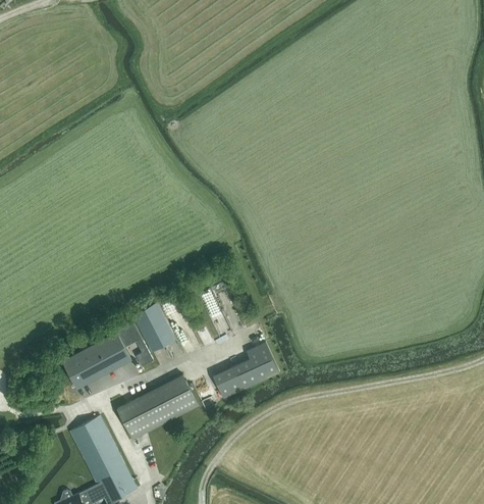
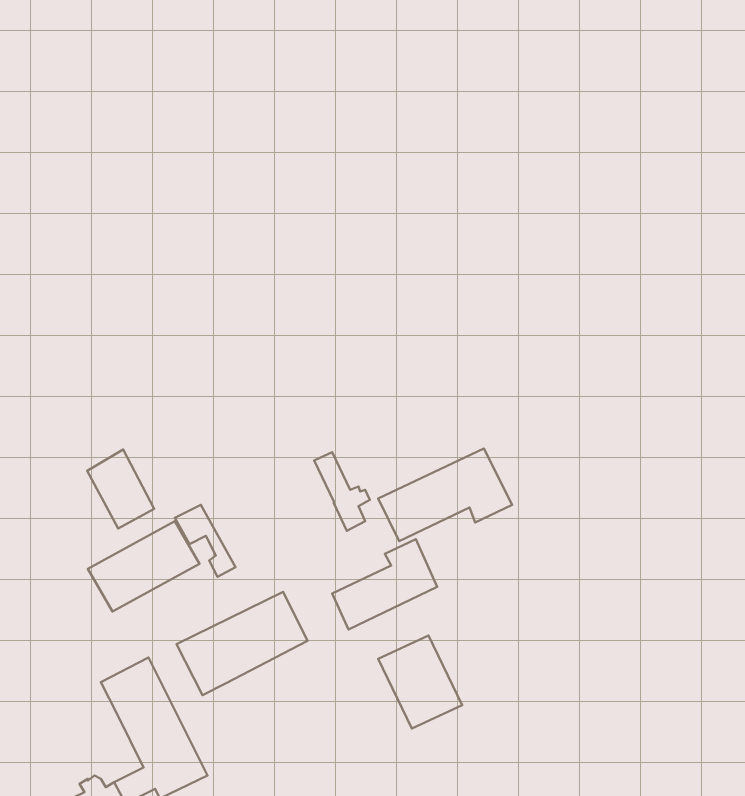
building: none -> [378,449,512,541]
building: [133,303,175,352] -> [87,450,154,528]
building: none -> [378,635,462,728]

